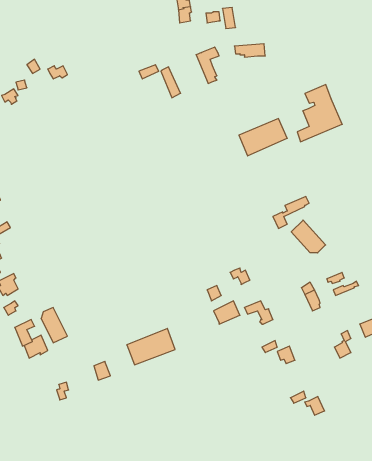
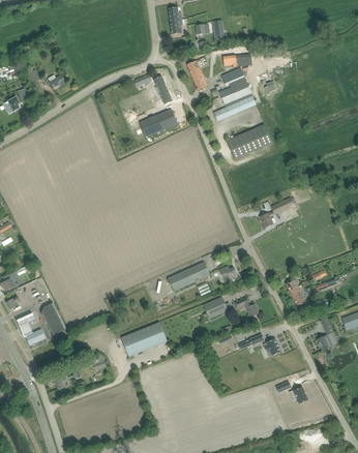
building: [297,85,342,142] -> [213,67,256,121]
building: none -> [139,109,177,137]
building: [291,220,326,253] -> none
building: none -> [168,261,209,291]

